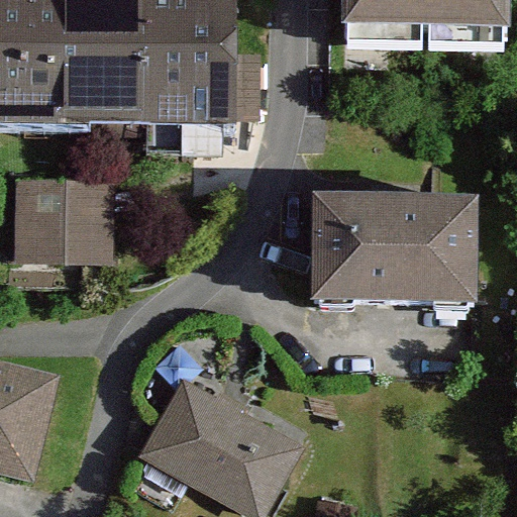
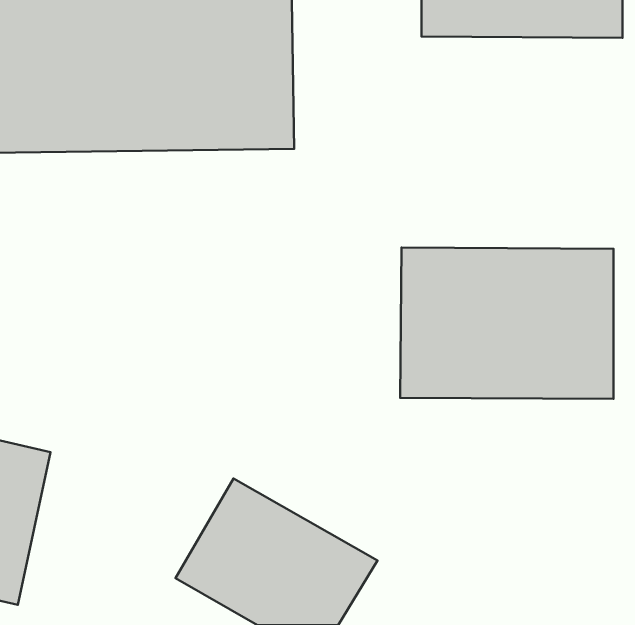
building: [14,178,111,272] -> none

